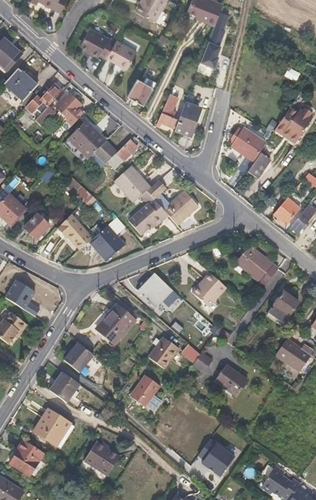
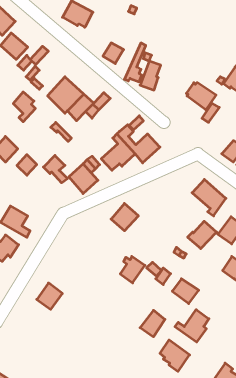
building: [108,41,139,71] -> none
building: [56,93,83,129] -> [13,92,35,122]
building: [114,166,149,202] -> none
building: [192,274,227,307] -> [188,221,217,249]
building: [98,305,136,344] -> none
building: [65,342,93,371] -> none
building: [129,375,159,407] -> [140,310,165,337]
building: none -> [175,310,209,342]
building: [33,408,74,447] -> none
building: [11,440,43,475] -> none
building: [84,441,119,473] -> none

